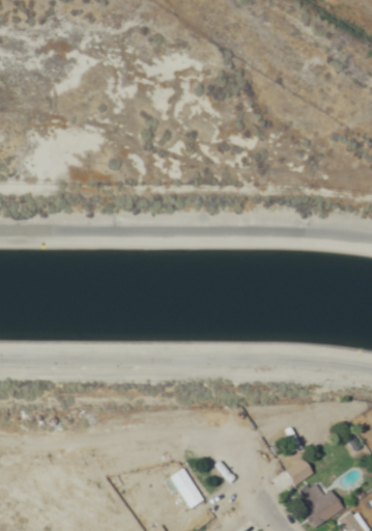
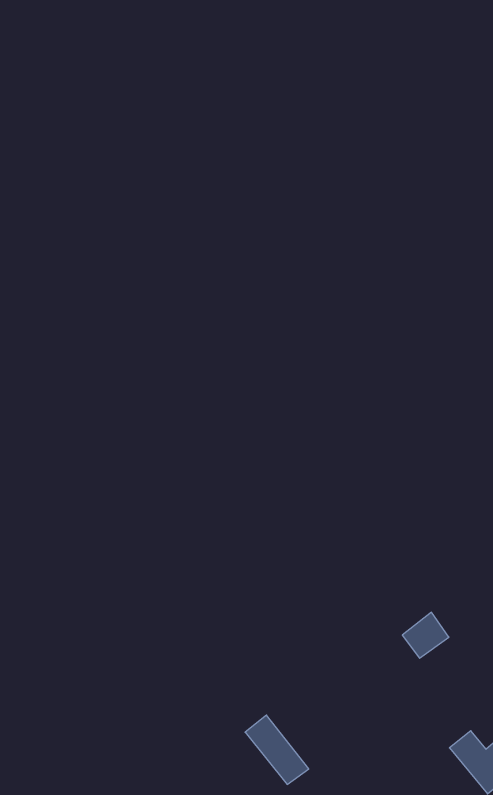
building: [285,456,314,484] -> [402,612,449,658]

